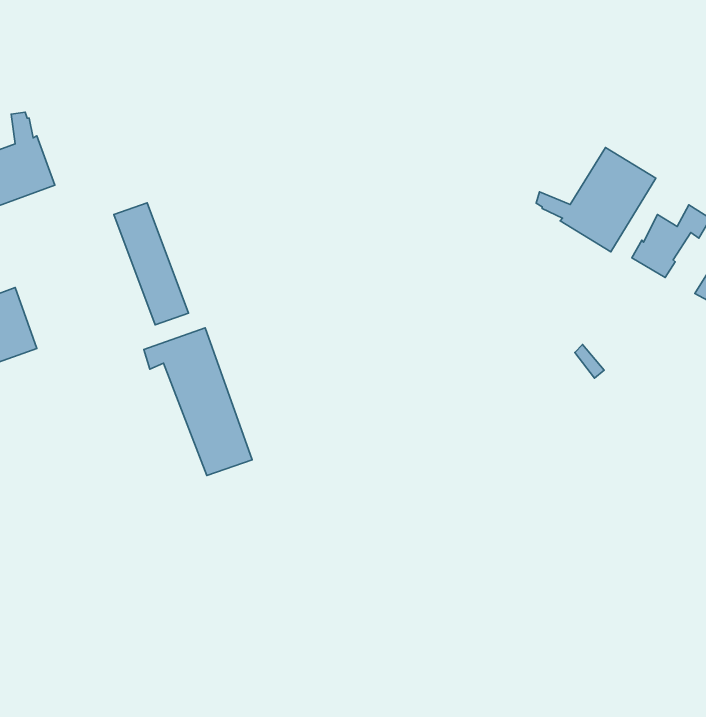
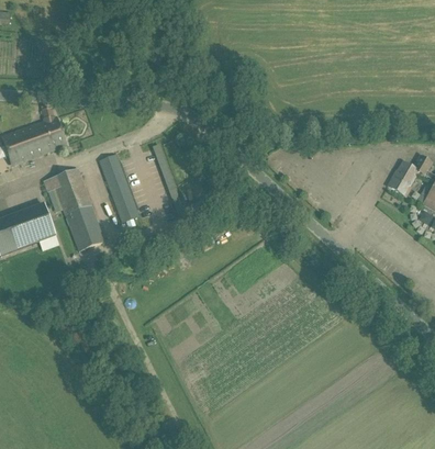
building: [536,147,656,252] -> none
building: [144,328,252,476] -> [43,168,103,250]

